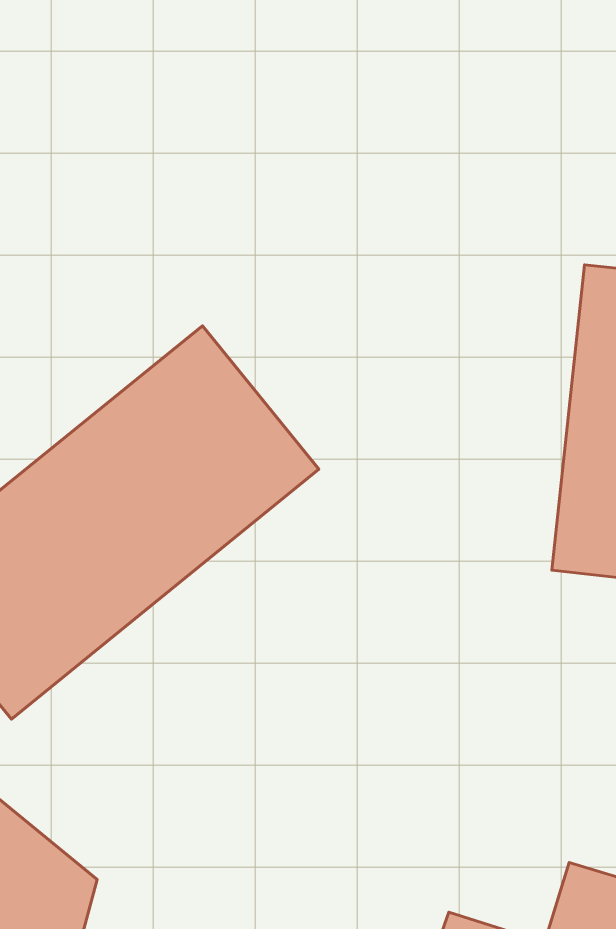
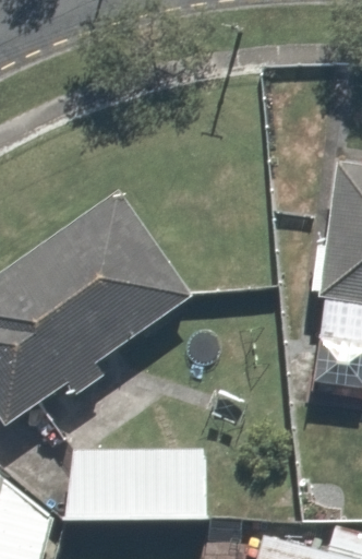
building: none -> [61,447,203,522]

